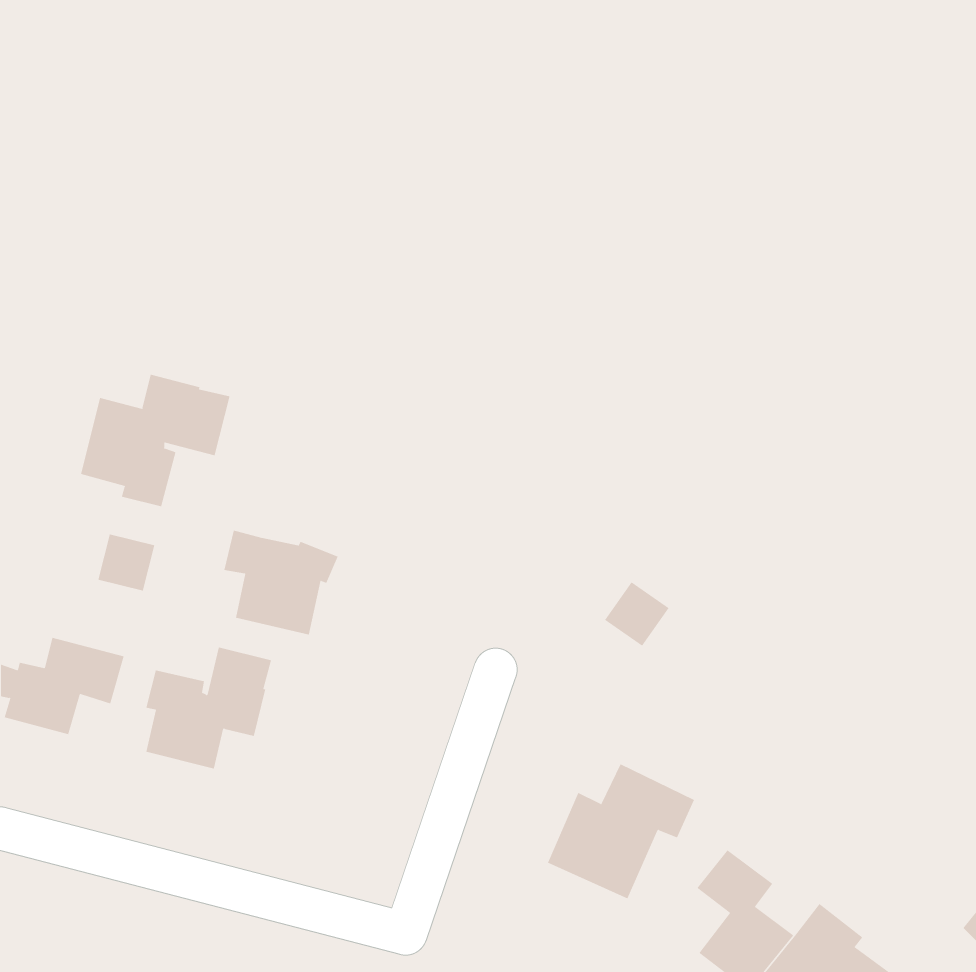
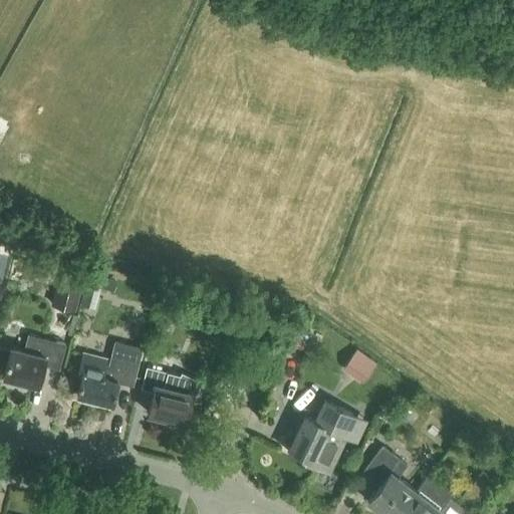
building: [81,374,230,507] -> none
building: [224,530,338,635] -> [142,370,202,426]
building: [604,581,669,647] -> [343,350,377,384]

